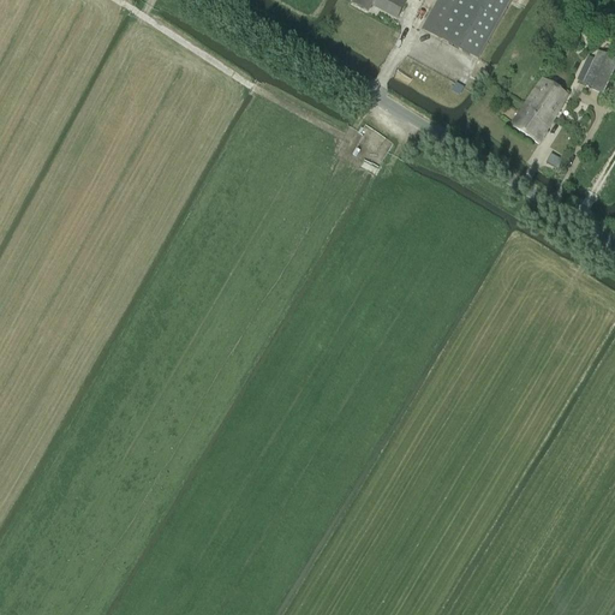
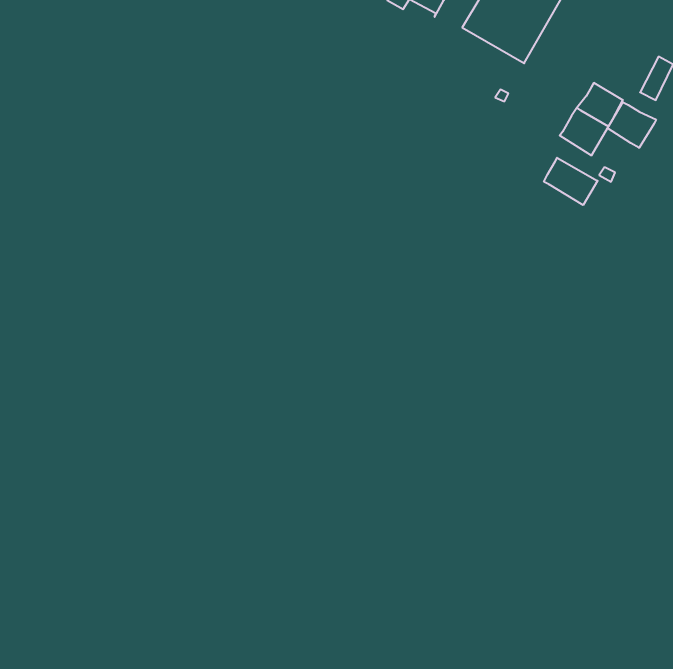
building: none -> [607,102,656,148]
building: none -> [544,158,598,205]

